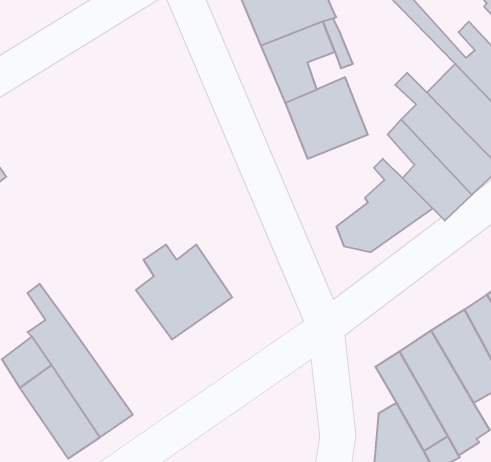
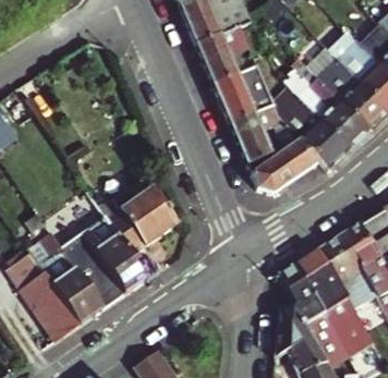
building: none -> [230,107,280,163]
building: none -> [60,217,148,309]

